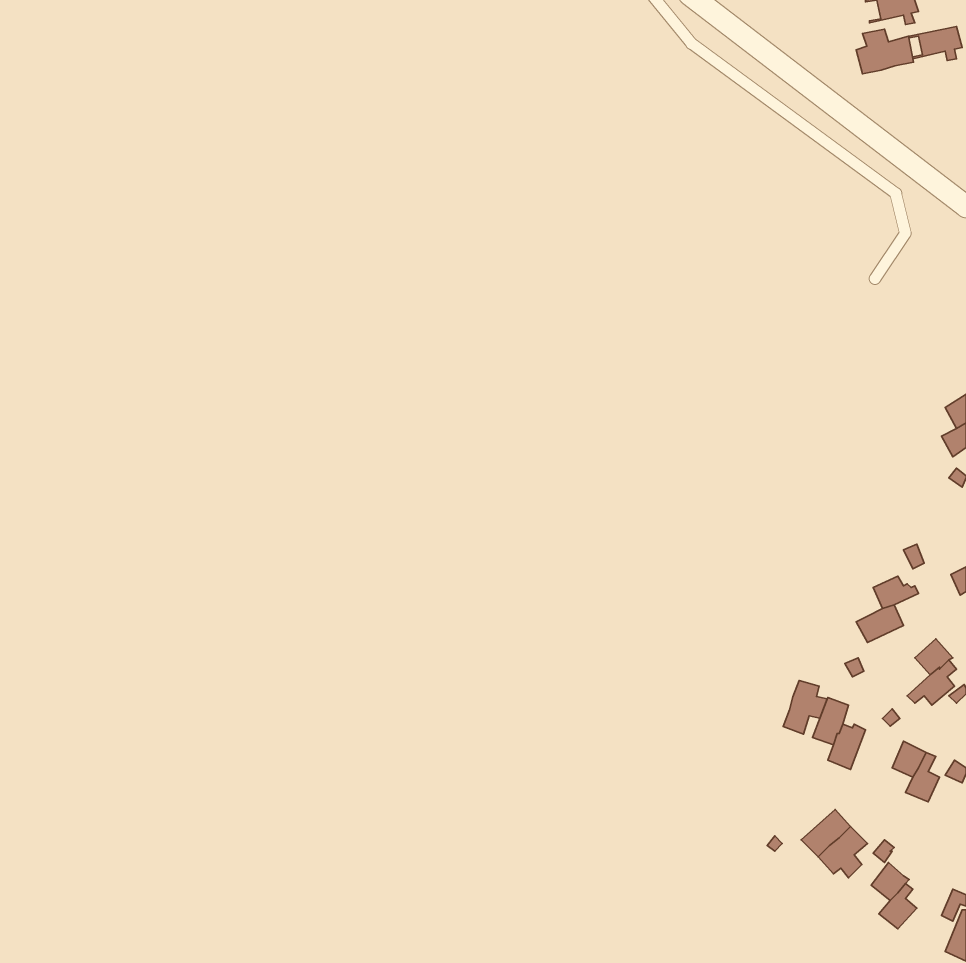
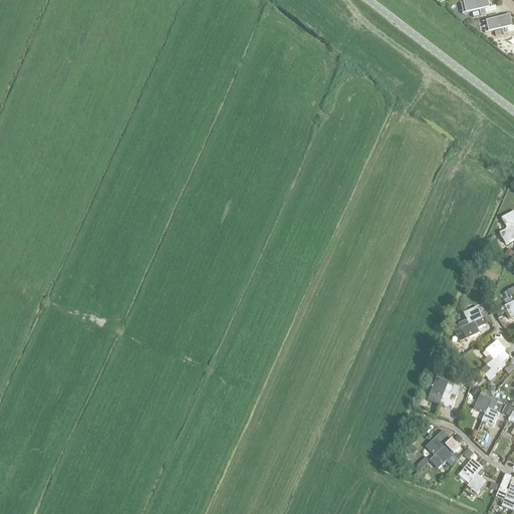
building: [856,29,914,74] -> none
building: [783,680,827,734] -> none

